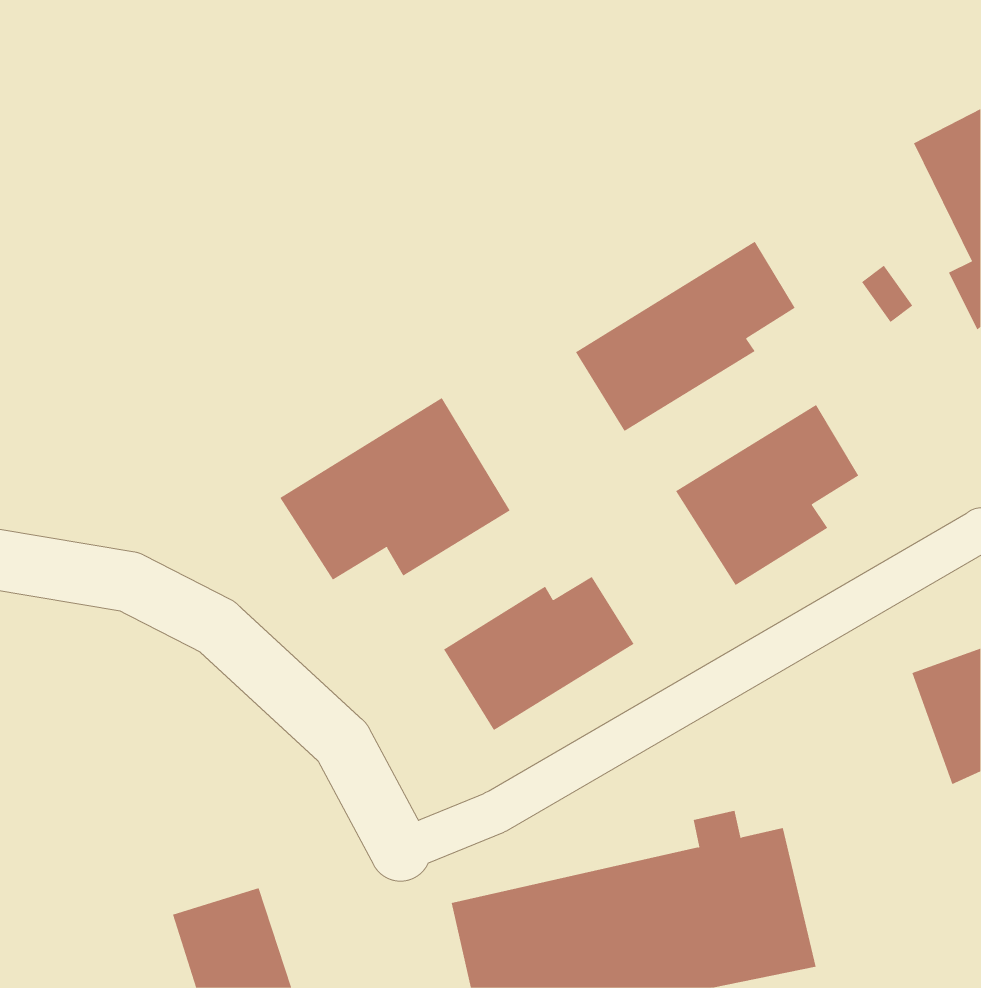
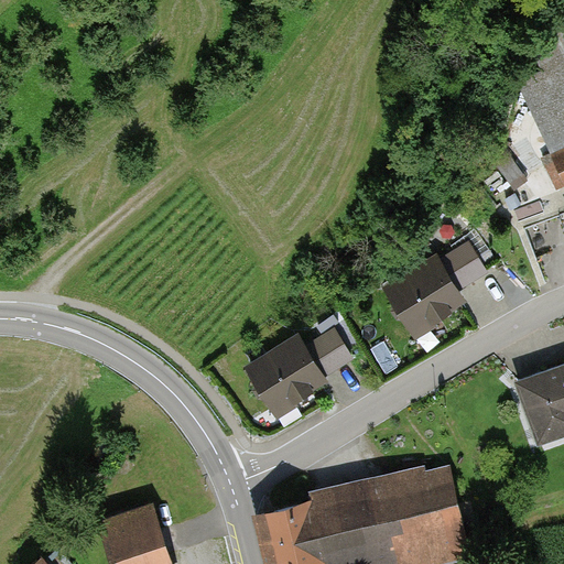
building: [575,241,796,432] -> none
building: [280,397,511,581] -> none

